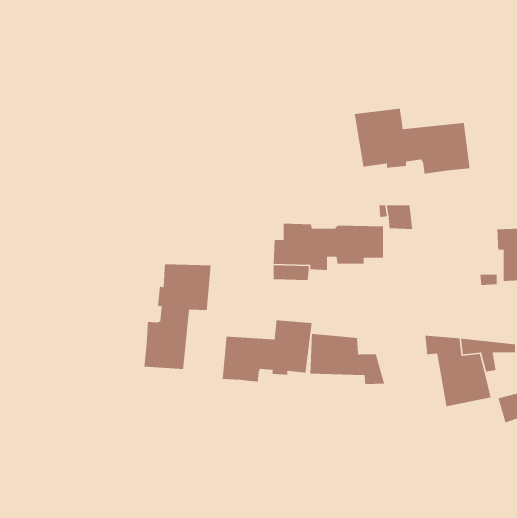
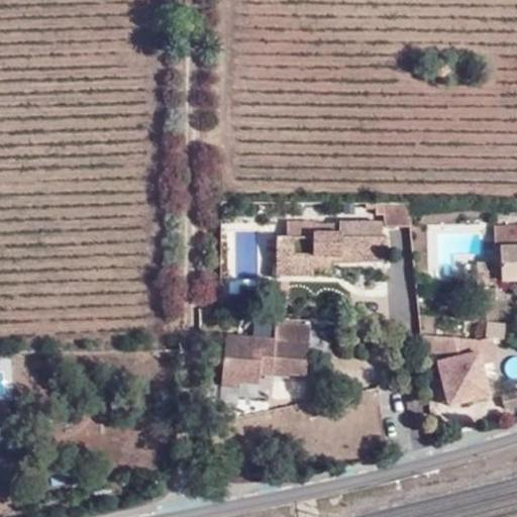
building: [354,108,470,174] -> none
building: [143,263,211,370] -> none
building: [310,333,385,385] -> none

